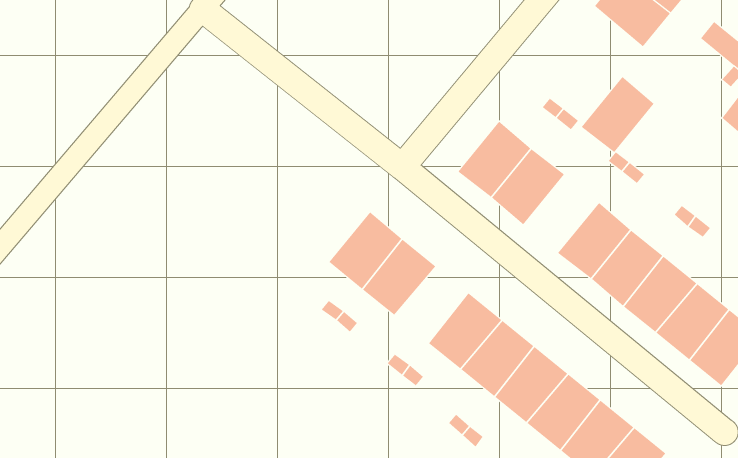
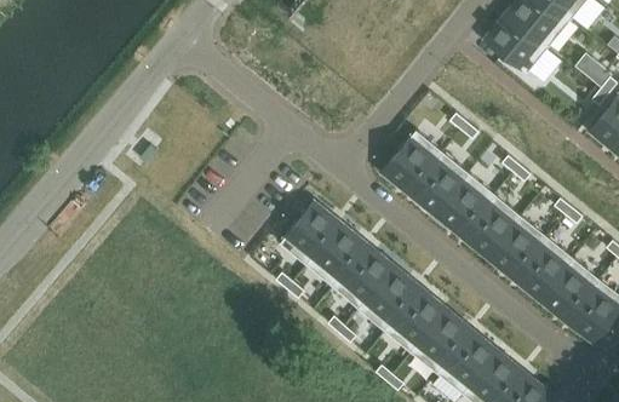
building: [581,76,655,153] -> [435,173,493,234]
building: none -> [333,246,391,306]

